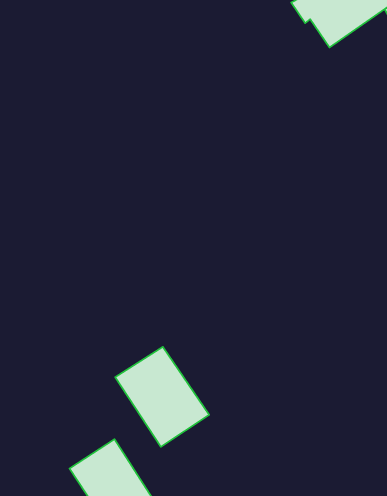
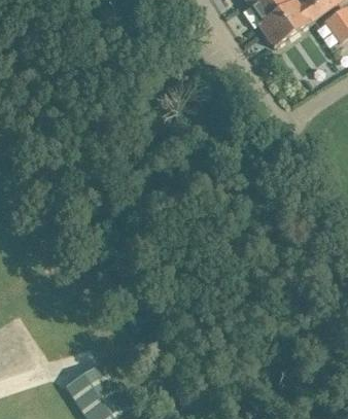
building: [115,347,209,447] -> none

